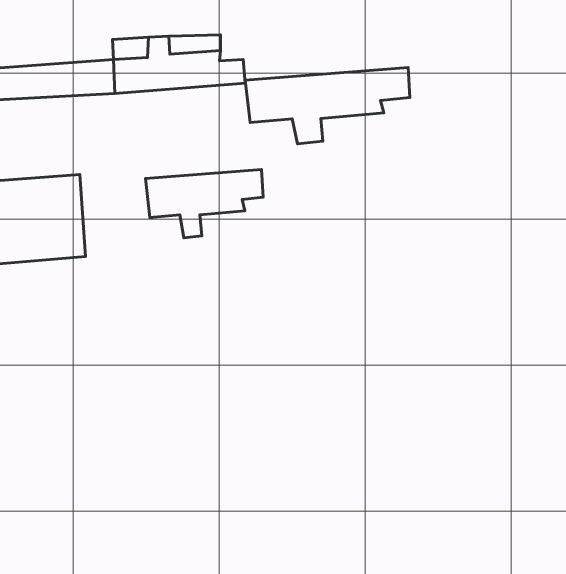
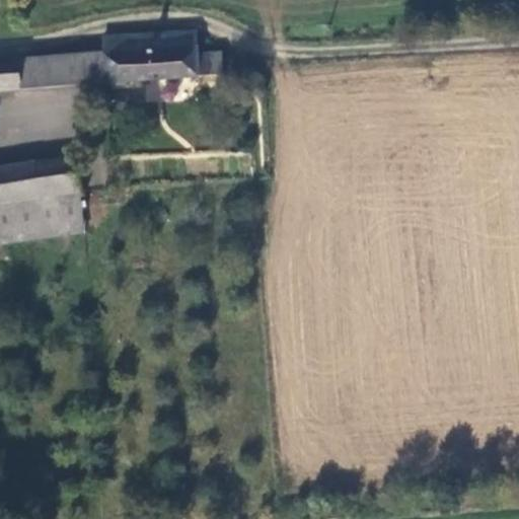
building: [245,68,410,144] -> none
building: [145,170,263,238] -> none

